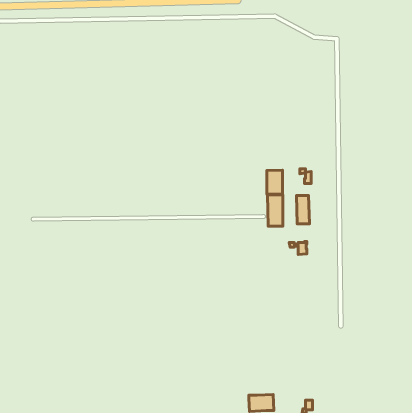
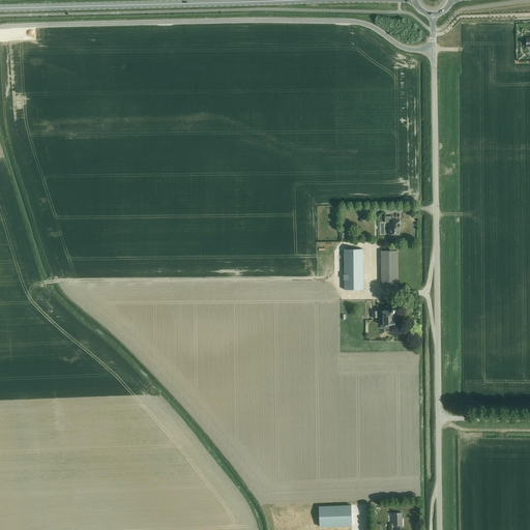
building: [267,170,282,194] -> none

